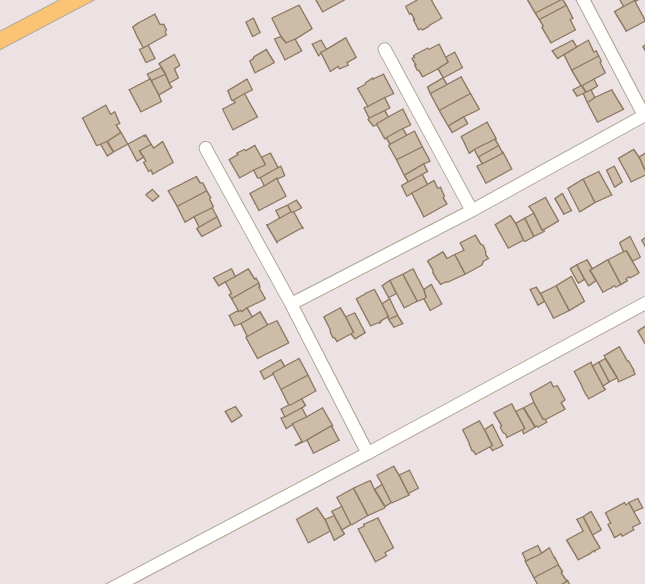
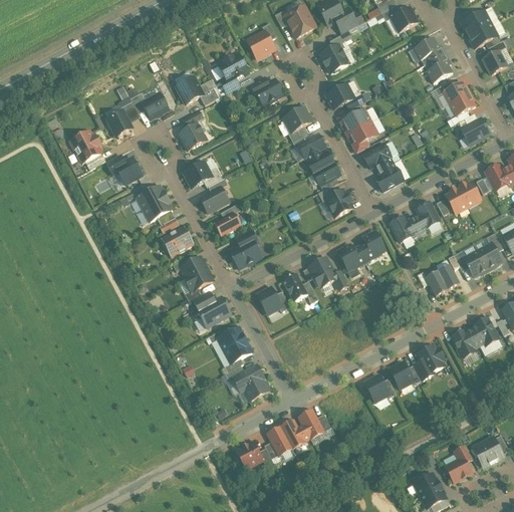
building: [133,14,167,48] -> [142,92,168,118]
building: none -> [176,76,203,103]
building: none -> [161,226,194,256]
building: none -> [229,229,259,268]
building: [358,518,394,562] -> none

